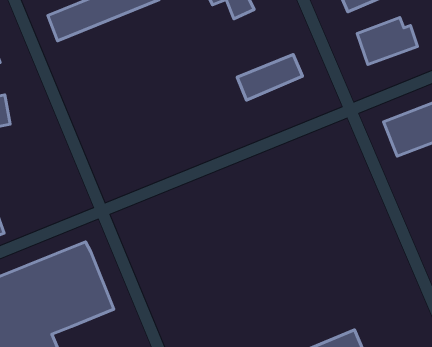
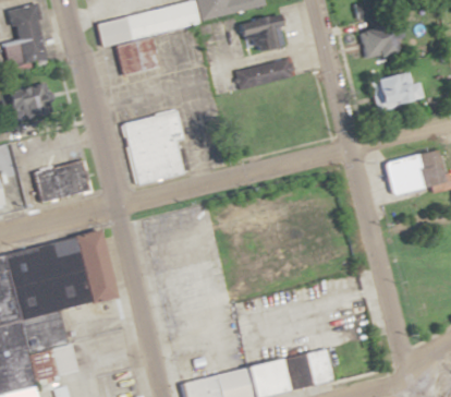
building: none -> [117,37,161,76]
building: [237,54,302,100] -> [236,58,295,93]
building: none -> [124,112,183,184]
building: none -> [36,161,93,203]

